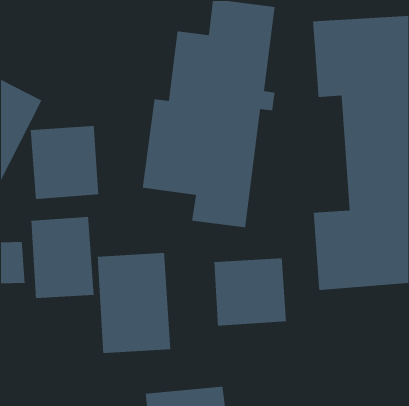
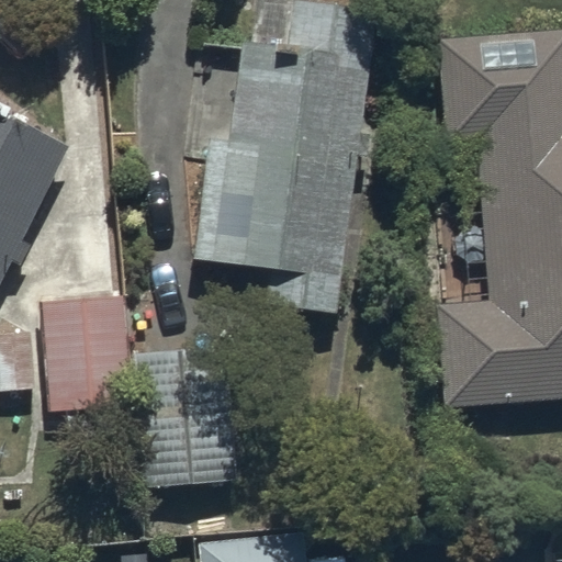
building: [30,125,99,200] -> none
building: [213,257,287,327] -> none

